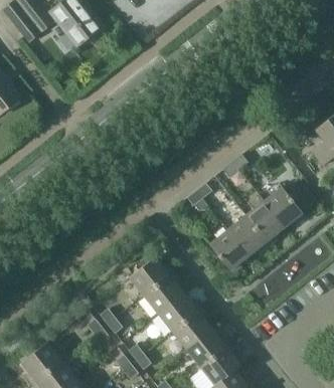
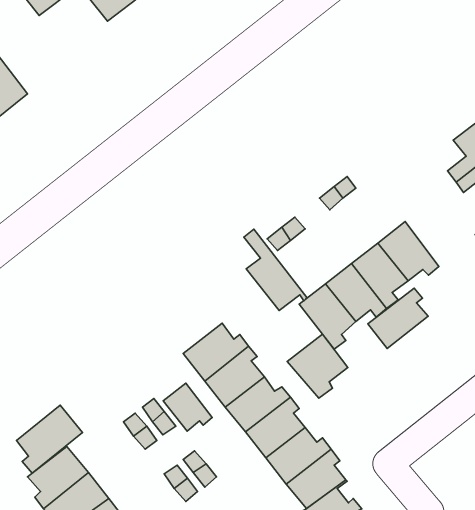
building: none -> [244,229,307,310]
building: none -> [368,288,428,348]
building: none -> [287,334,348,398]
building: none -> [163,383,212,431]
building: none -> [16,405,82,473]

